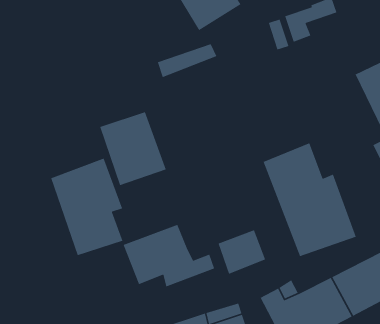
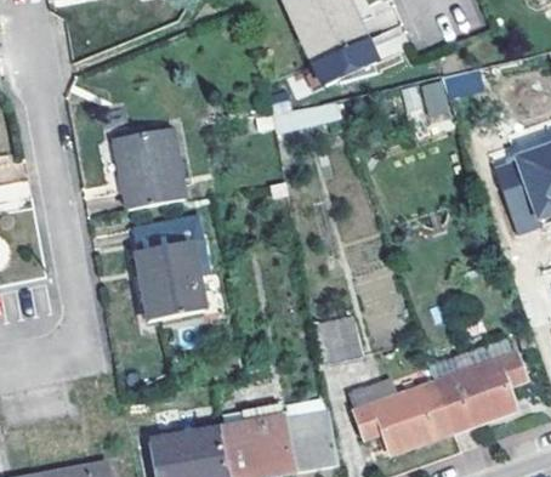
building: [99,111,167,186] -> [115,129,184,209]
building: [263,142,357,257] -> none
building: [123,224,215,288] -> none

